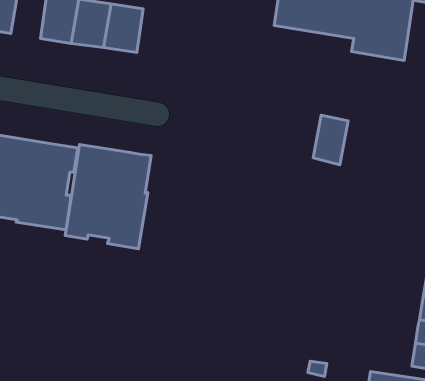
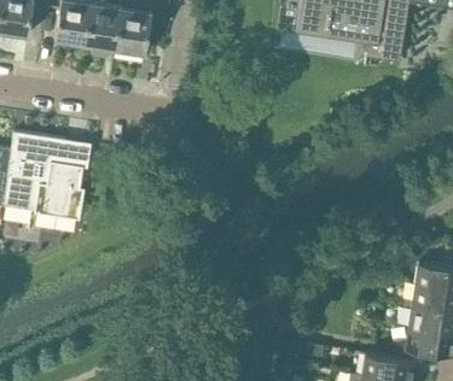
building: [313,115,348,165] -> none
building: [65,144,151,249] -> none

